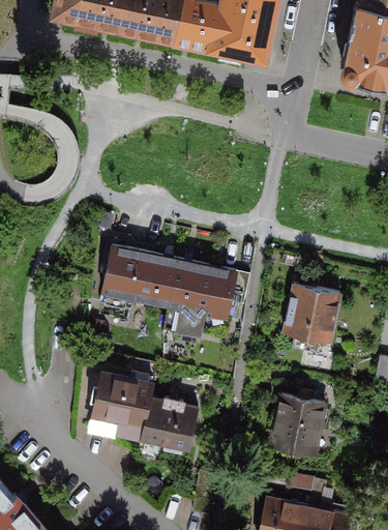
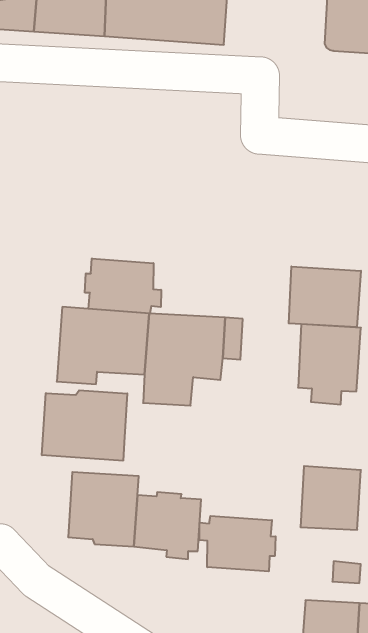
building: none -> [85,258,161,313]
building: none -> [289,266,361,327]
building: none -> [42,390,127,461]
building: none -> [199,516,276,571]

